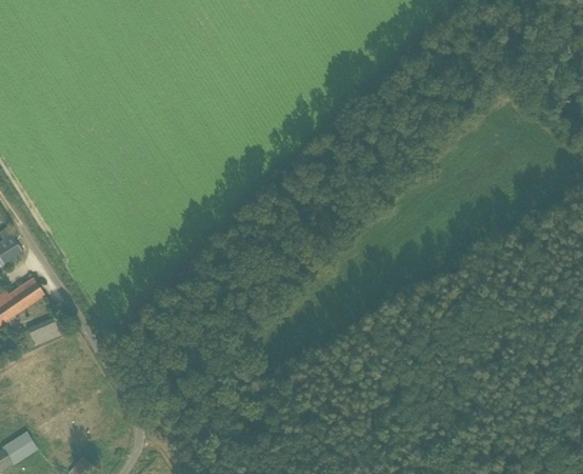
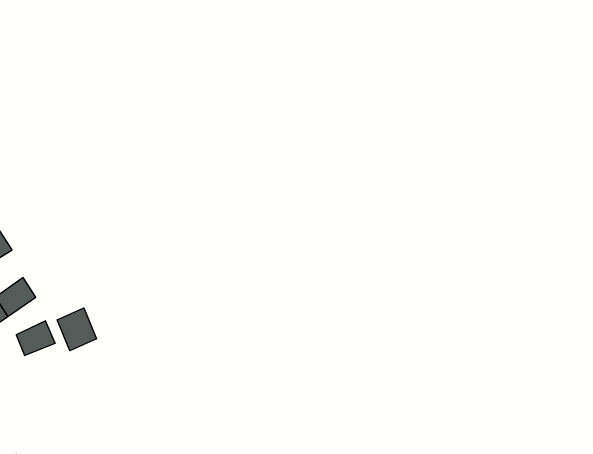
building: none -> [57,308,96,351]

